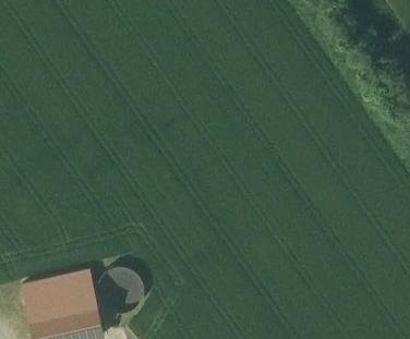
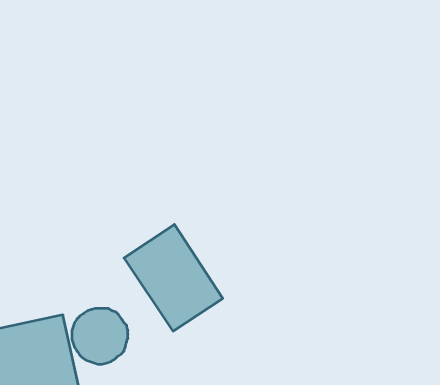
building: none -> [124,224,223,331]

